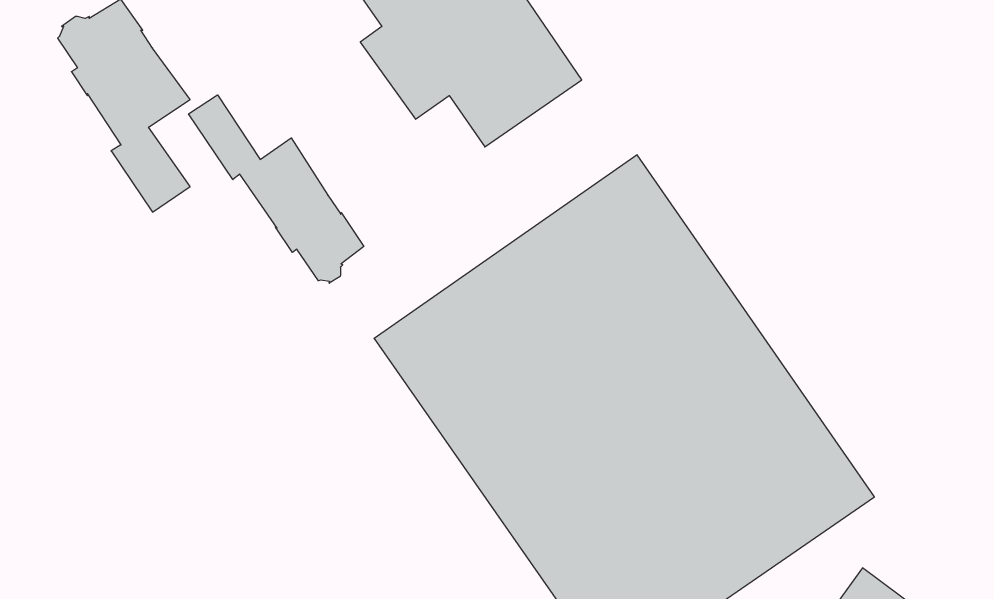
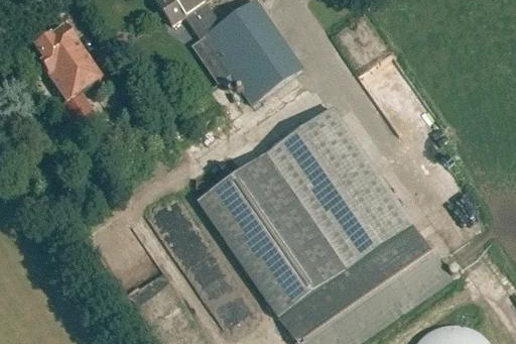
building: [189,95,364,283] -> none

